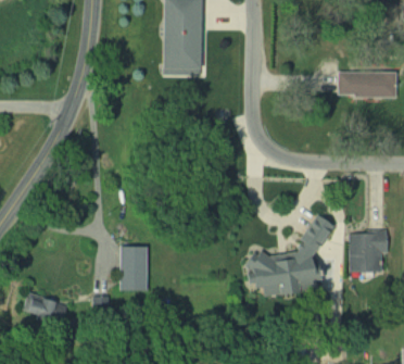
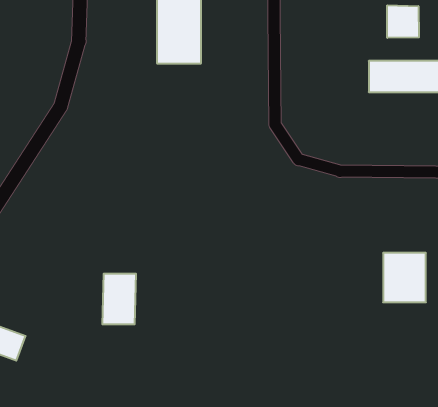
building: none -> [387,5,419,38]
building: [248,214,334,298] -> none

